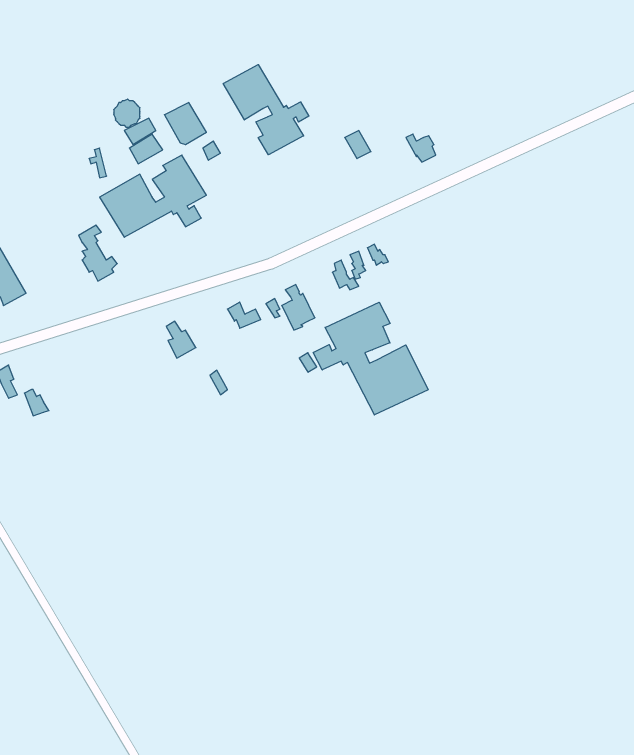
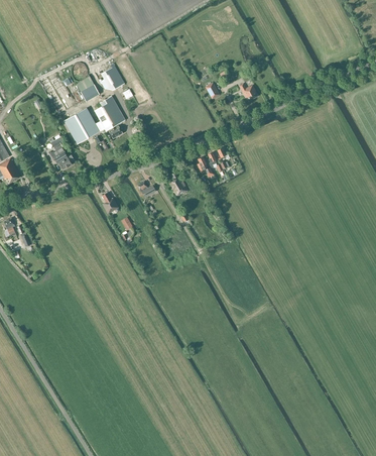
building: [223,65,309,155] -> none
building: [313,302,428,415] -> none

